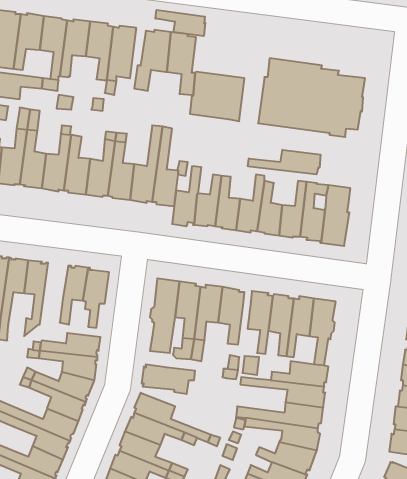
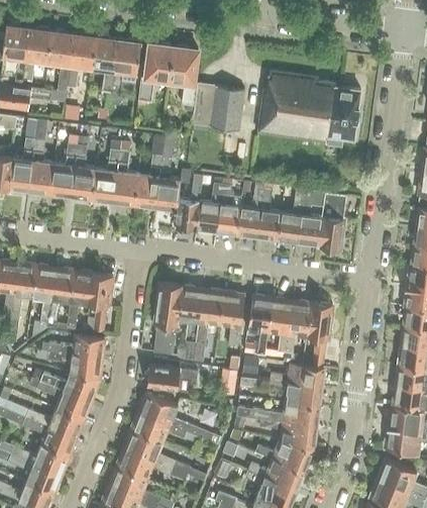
building: [155,10,205,36] -> none
building: [248,150,320,174] -> none
building: none -> [47,267,75,327]

